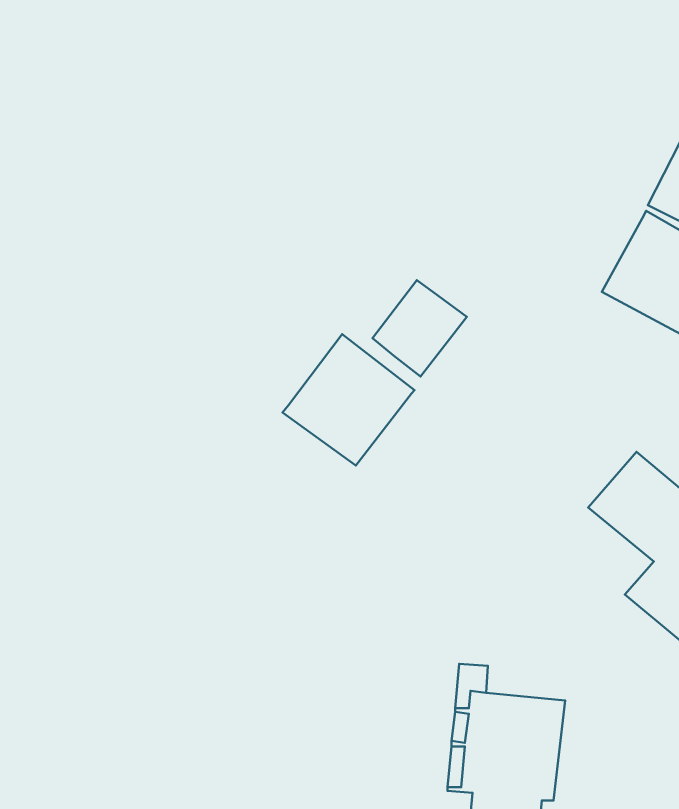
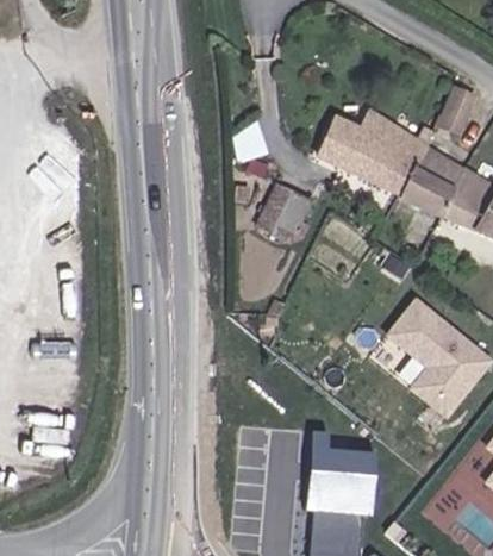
building: none -> [318,117,423,198]
building: [283,334,414,466] -> none

